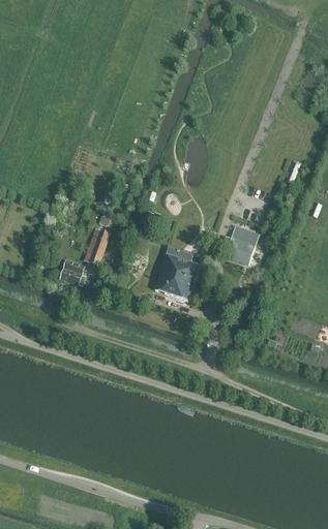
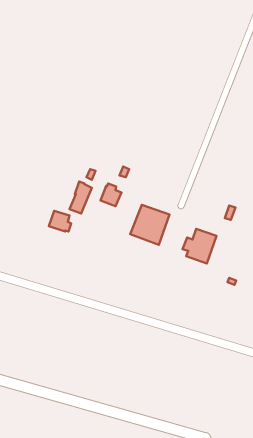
building: [220,225,260,266] -> [183,229,217,263]
building: none -> [100,183,121,206]

